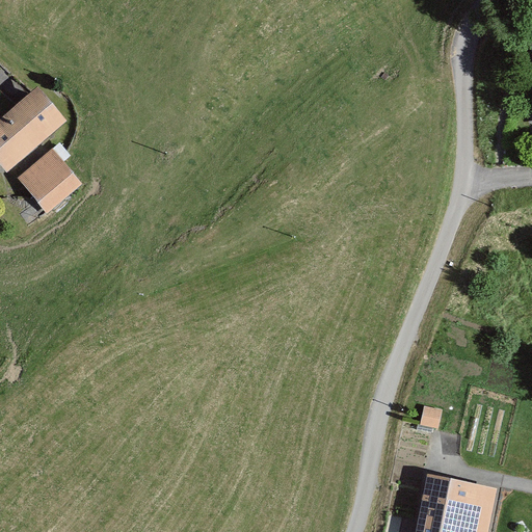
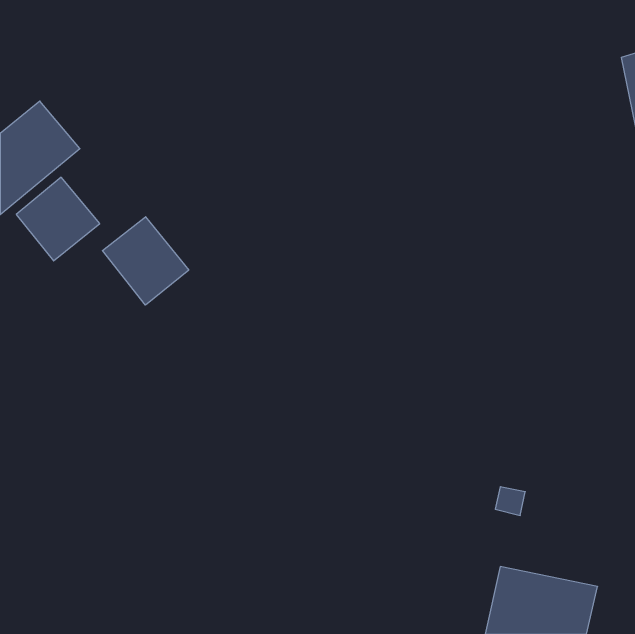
building: none -> [102,217,189,305]

